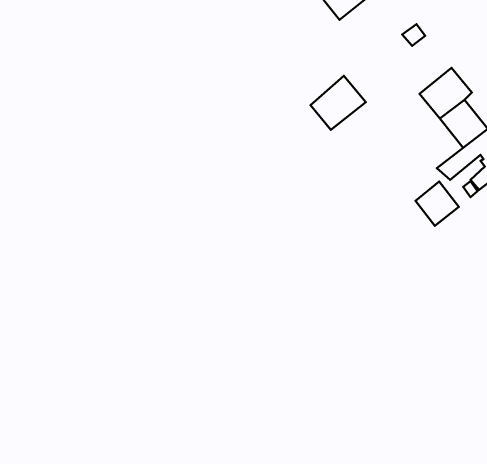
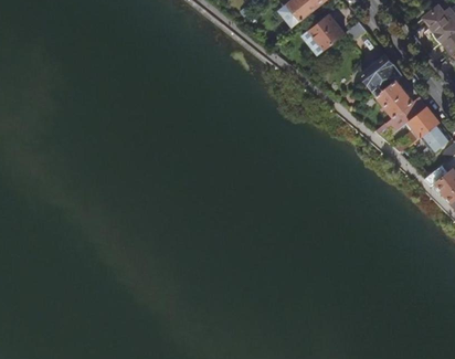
building: [310,76,366,130] -> [303,13,345,54]
building: [415,182,459,226] -> none

